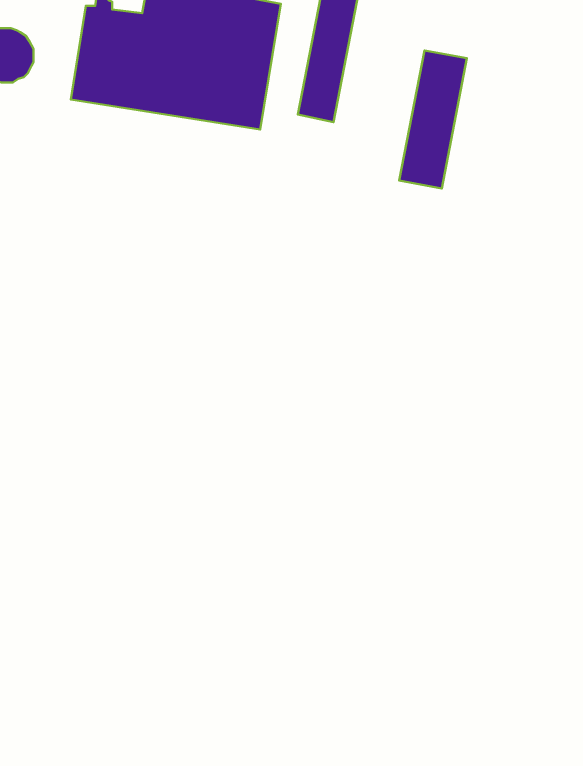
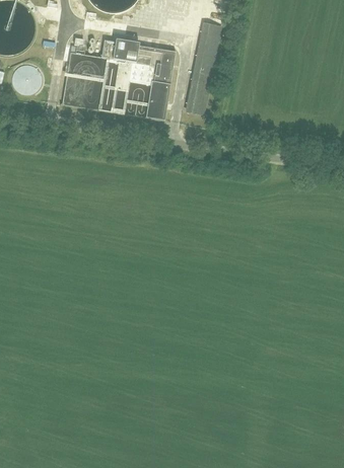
building: [399,50,467,188] -> none

